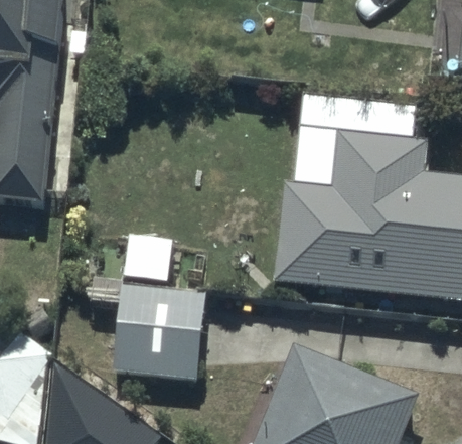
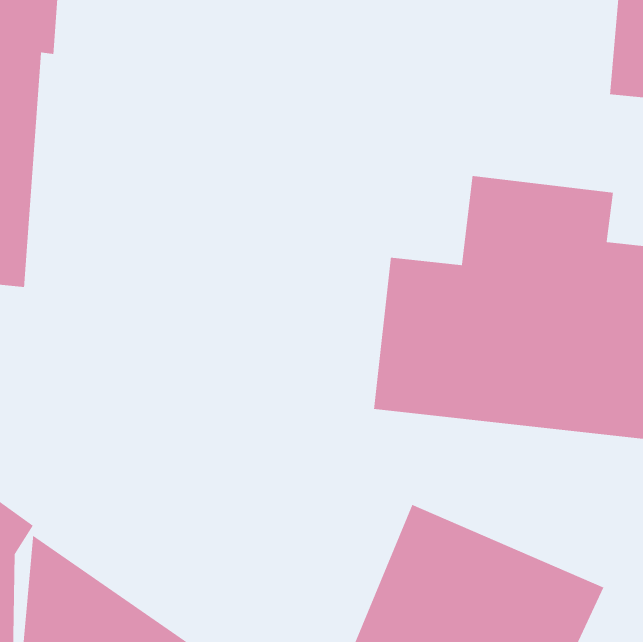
building: [111,284,204,378] -> none

